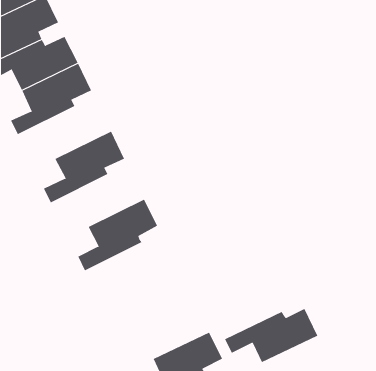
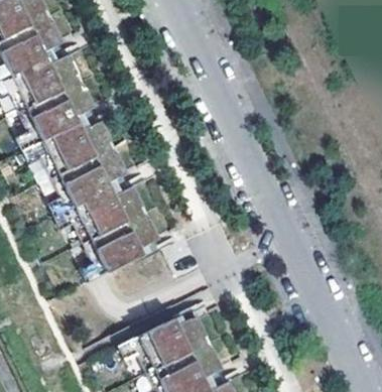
building: none -> [22,120,114,173]
building: none -> [54,185,146,240]
building: [224,308,318,363] -> [118,315,210,369]

